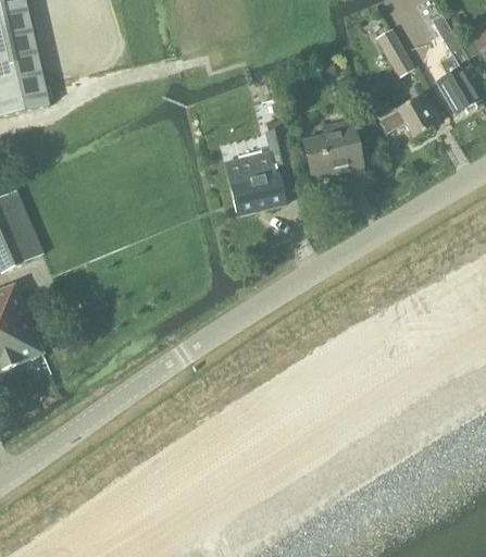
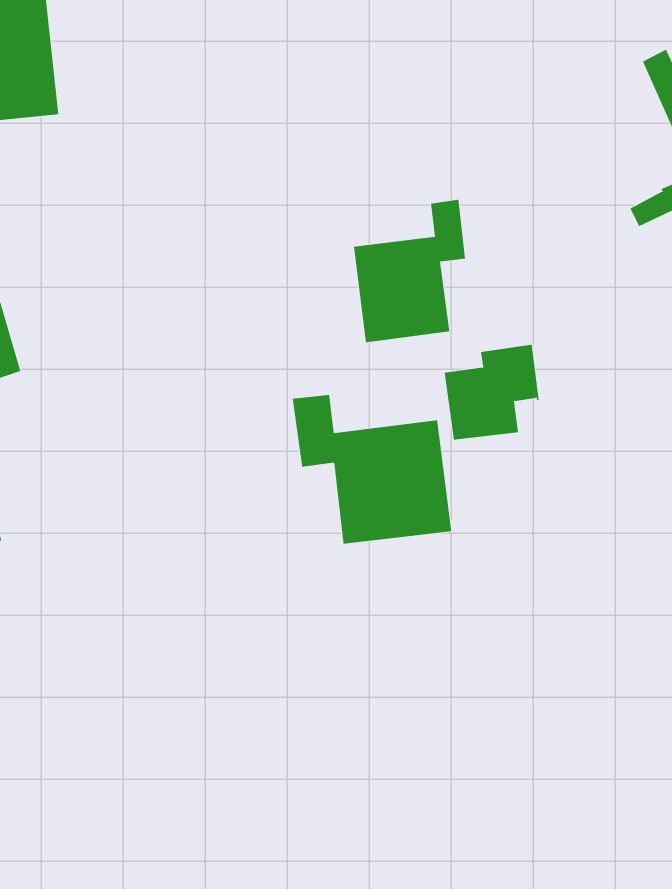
building: [303,119,360,178] -> [444,344,540,440]
building: none -> [292,394,452,544]

